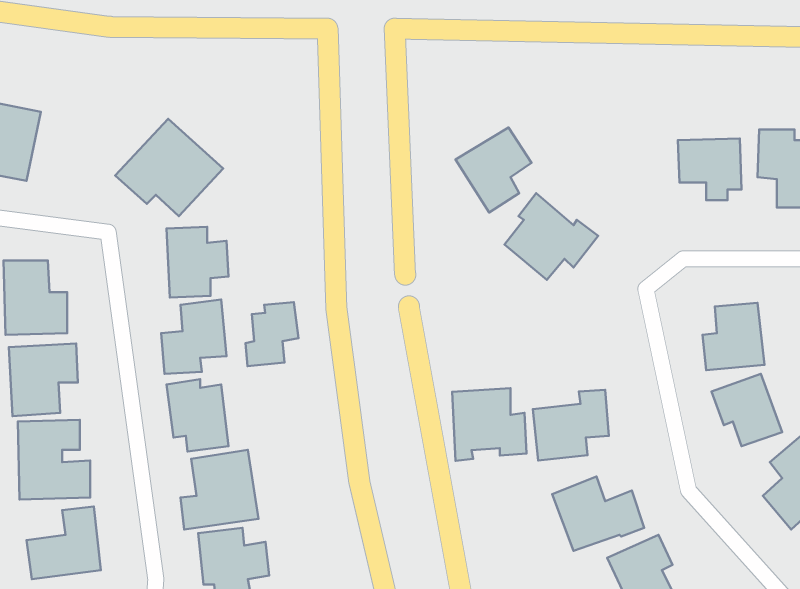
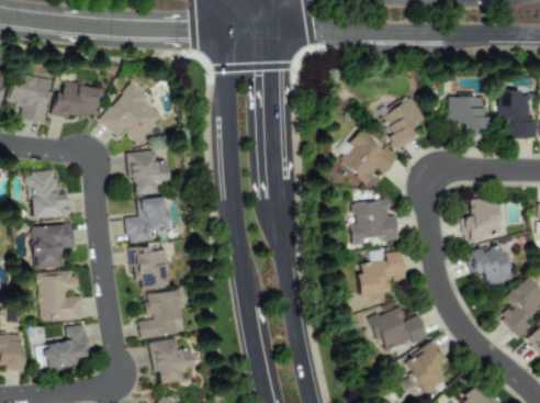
building: none -> [53,81,101,116]
building: [456,128,532,212] -> [378,98,425,150]
building: [246,302,299,366] -> none
building: [452,388,526,461] -> [352,200,398,245]

